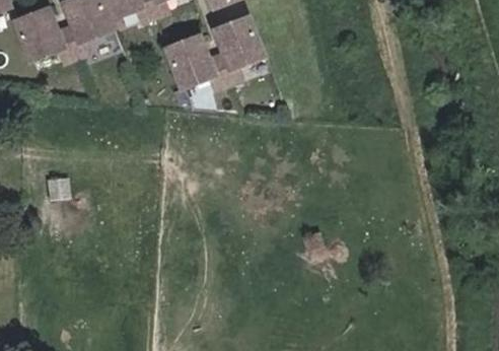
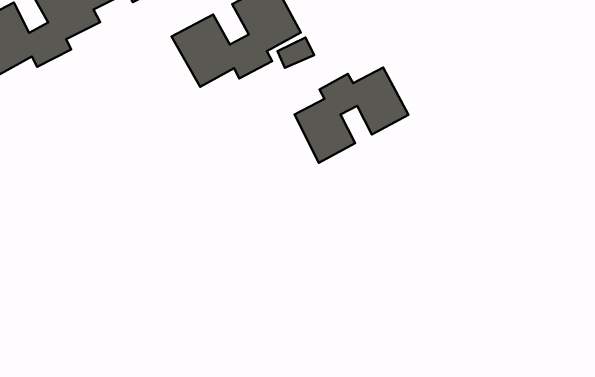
building: none -> [294,68,408,163]

